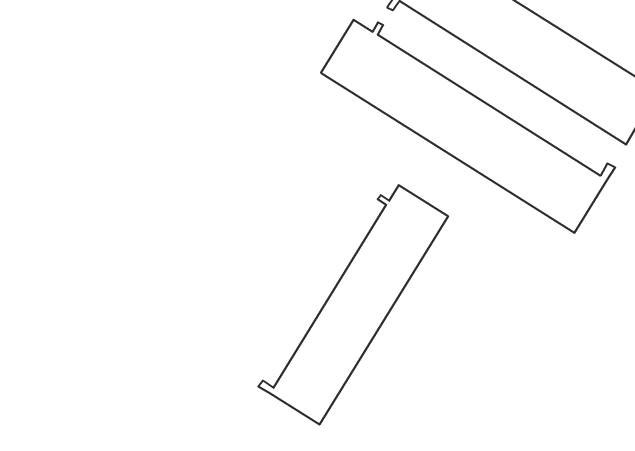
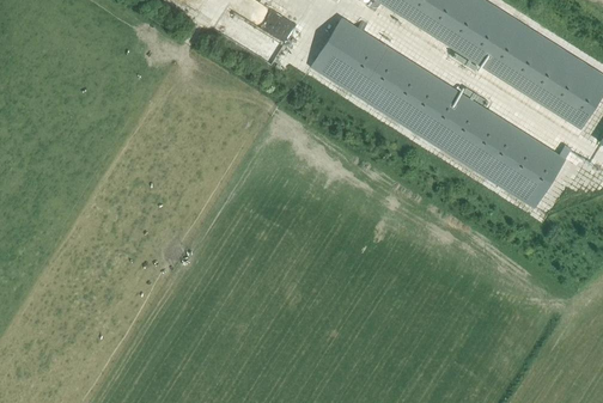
building: [258,185,448,425] -> none

